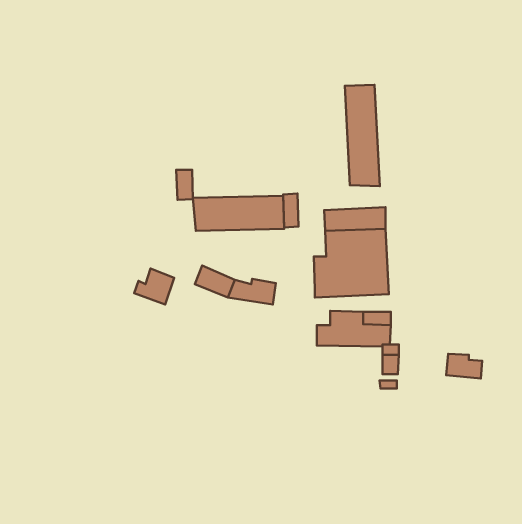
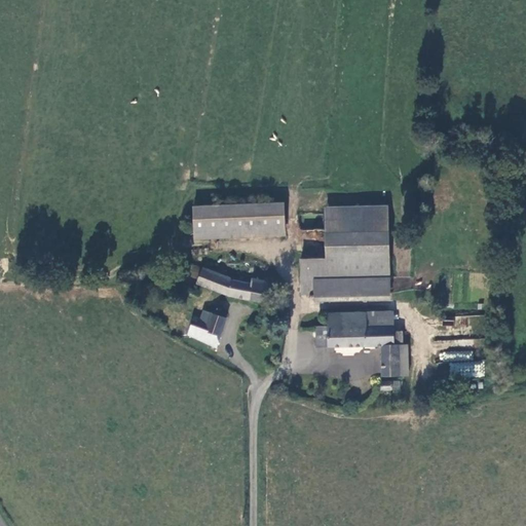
building: [345,85,380,186] -> none
building: [176,170,193,200] -> none
building: [283,194,298,227] -> [300,257,315,291]
building: [134,269,174,305] -> [185,310,225,346]

